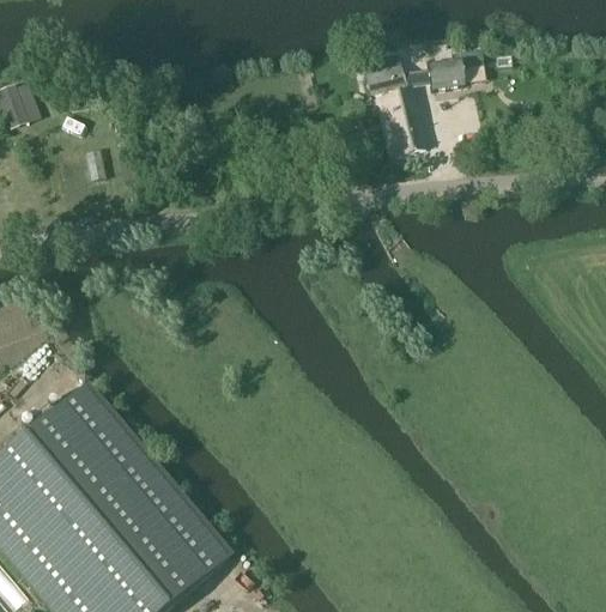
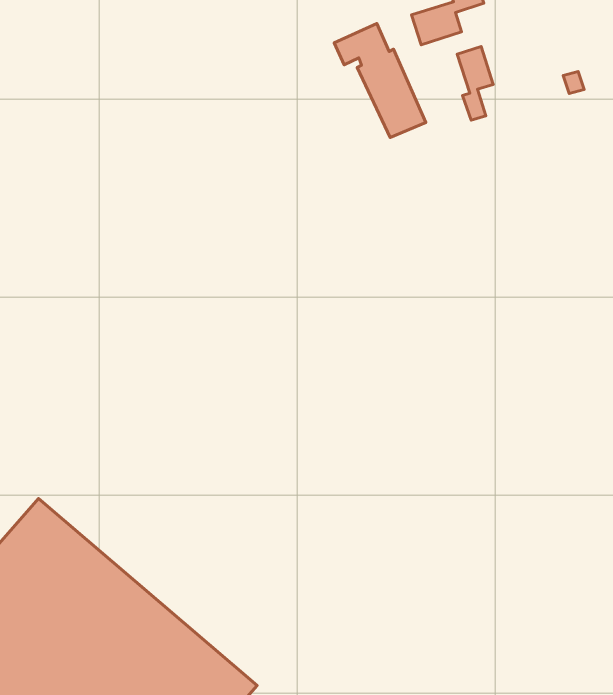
building: none -> [457,47,493,120]

